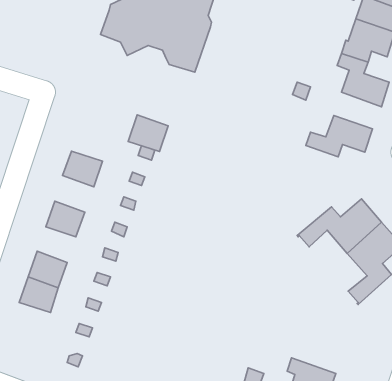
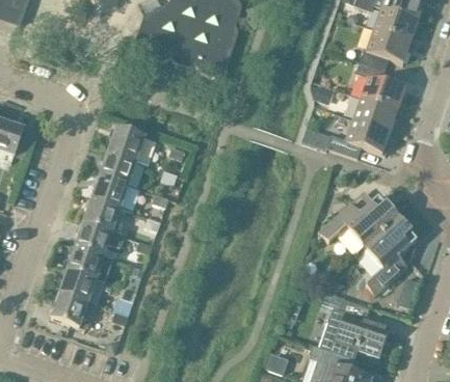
building: none -> [352,97,397,131]
building: [128,115,168,151] -> [107,127,144,161]
building: none -> [91,174,128,209]
building: none -> [75,222,124,255]
building: none -> [50,293,87,326]
building: none -> [319,298,388,359]

